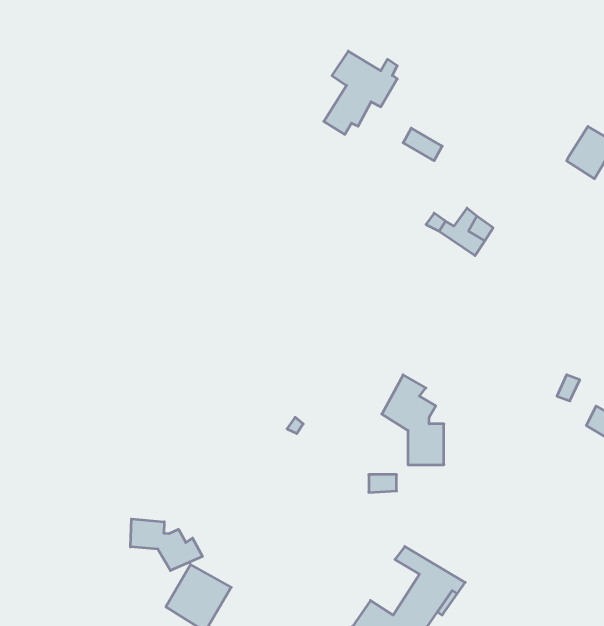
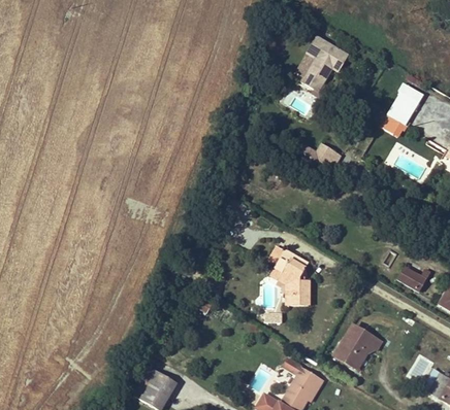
building: [324,51,397,134] -> [301,36,348,89]
building: none -> [336,323,383,367]
building: [130,519,202,571] -> none

